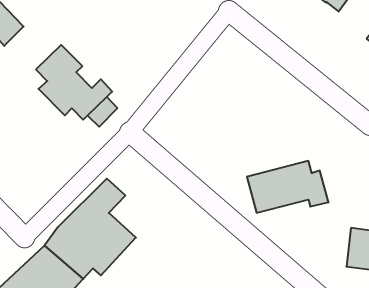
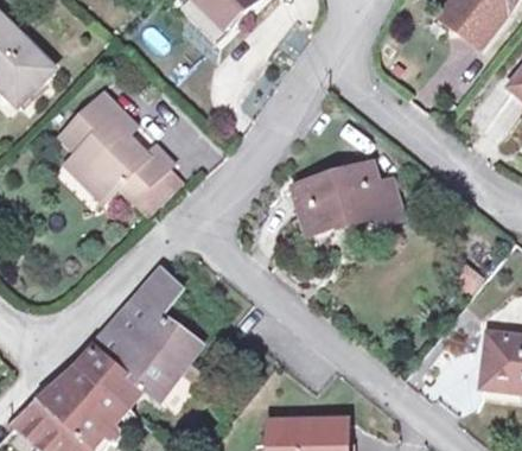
building: [247,161,329,213] -> [291,169,401,239]

